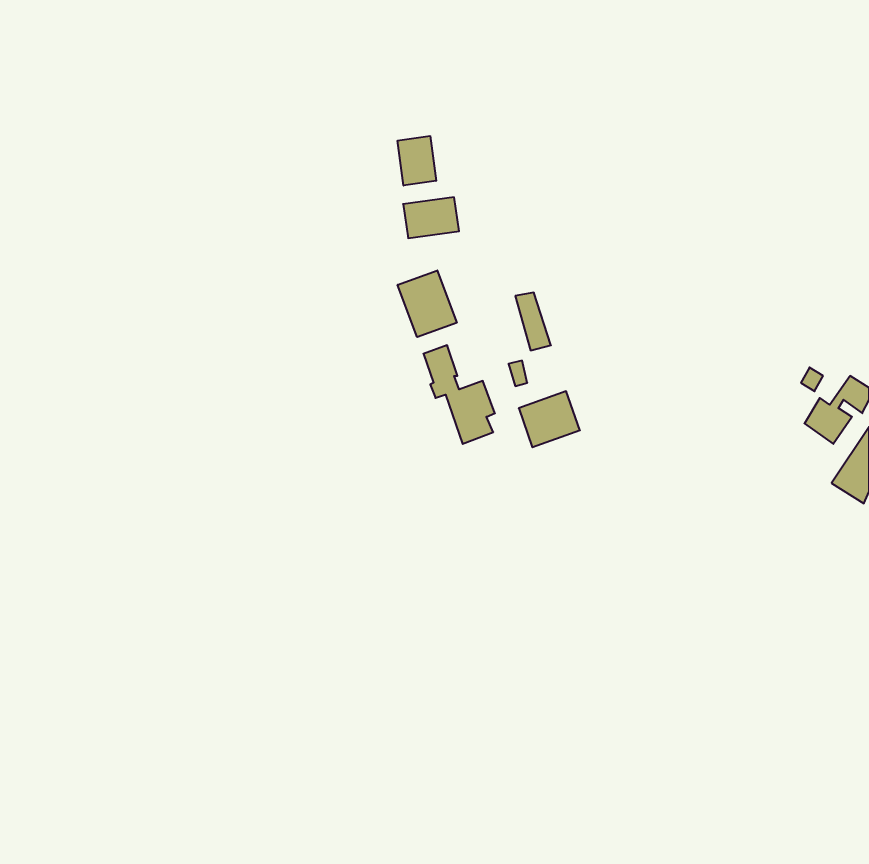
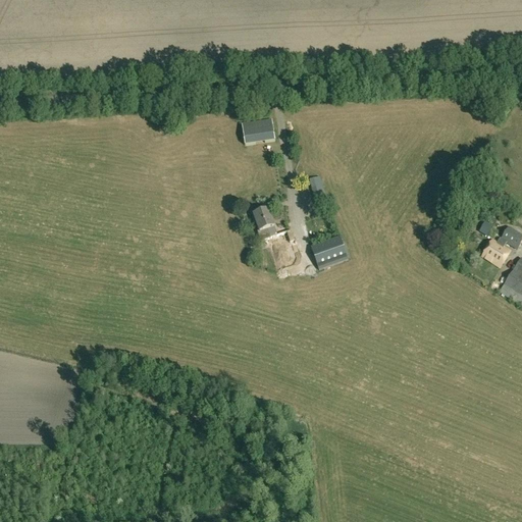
building: [398,136,436,186] -> none
building: [398,270,457,337] -> none

